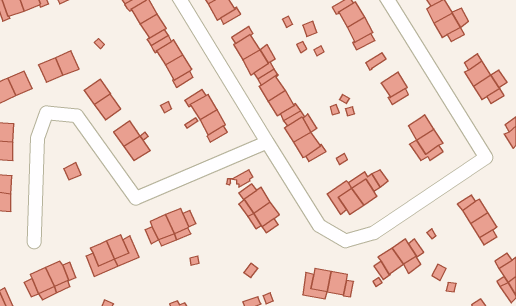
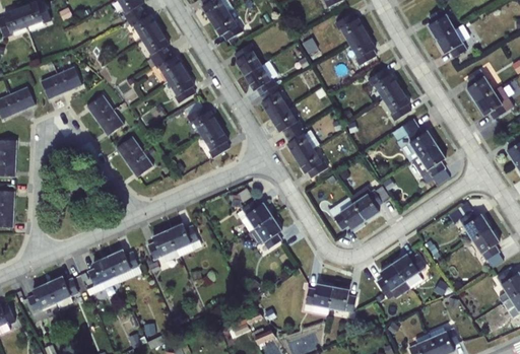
building: none -> [374,74,400,99]
building: none -> [392,119,422,161]

